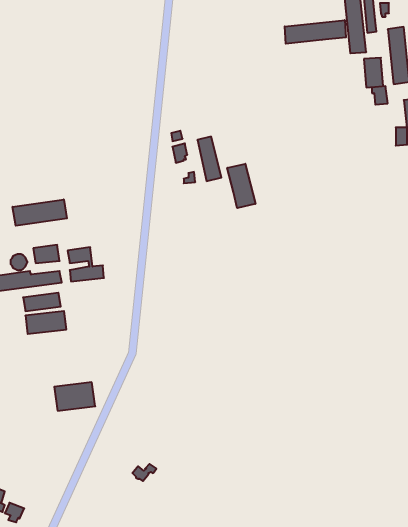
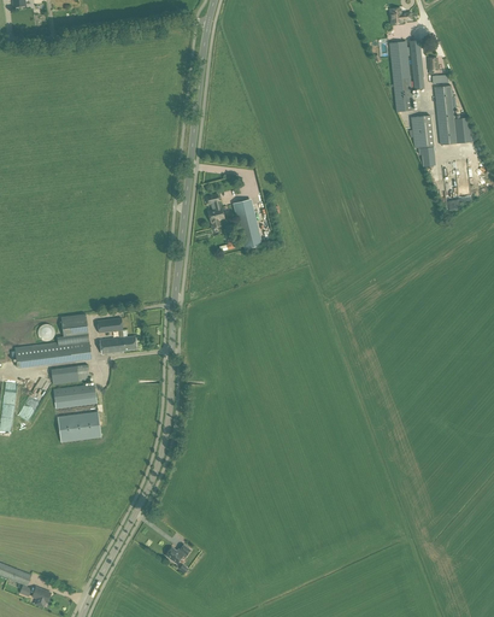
building: [285,20,346,44] -> none
building: [227,164,255,208] -> none
building: [13,199,67,226] -> none
building: [54,382,95,411] -> [57,412,100,442]

